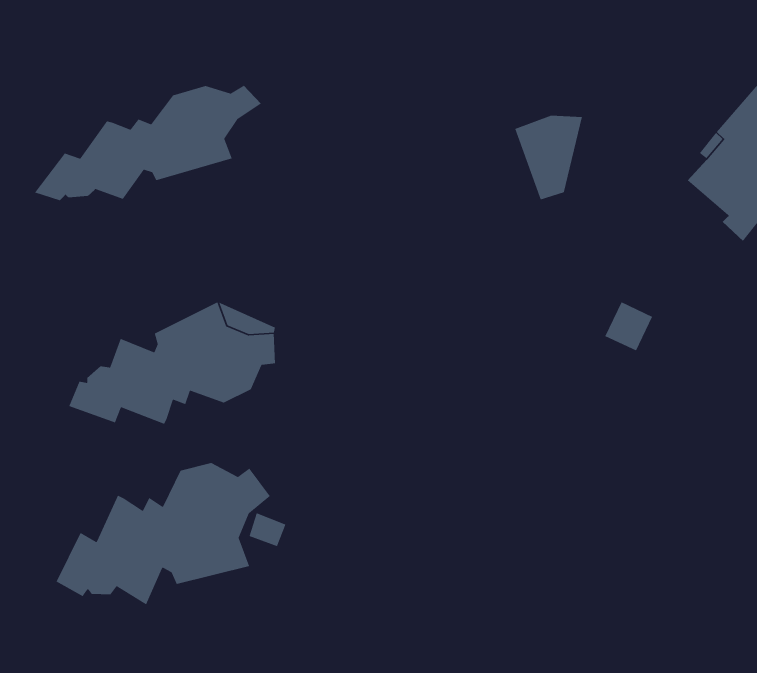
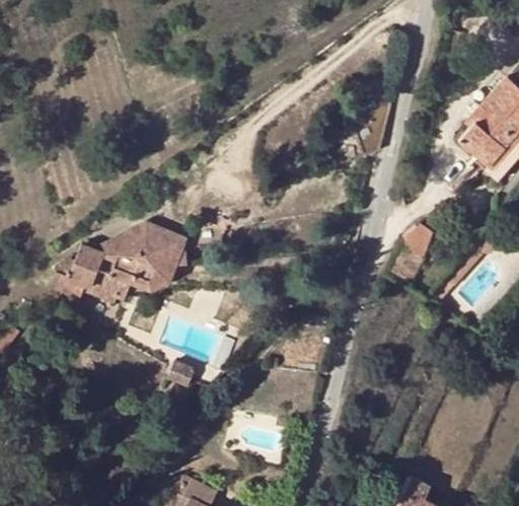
building: [34,85,262,201] -> none
building: [55,462,271,605] -> none

